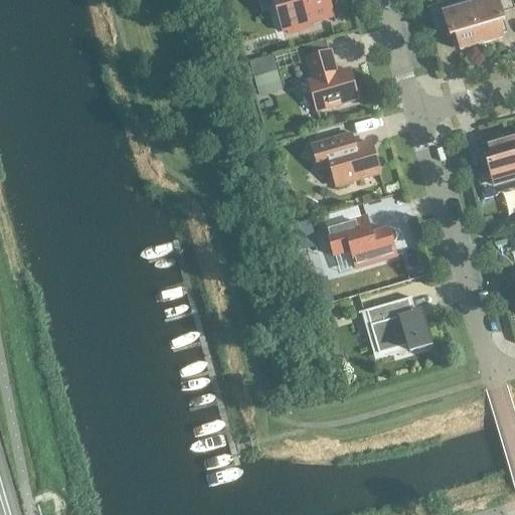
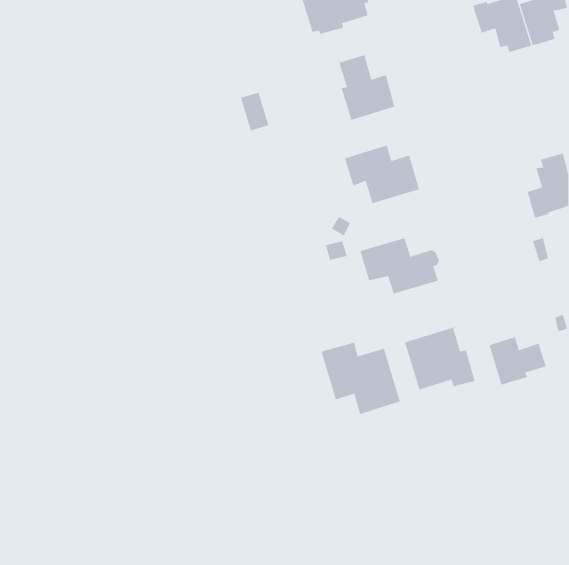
building: [252,56,279,92] -> [240,92,269,131]
building: none -> [489,336,546,385]
building: none -> [321,342,401,415]

